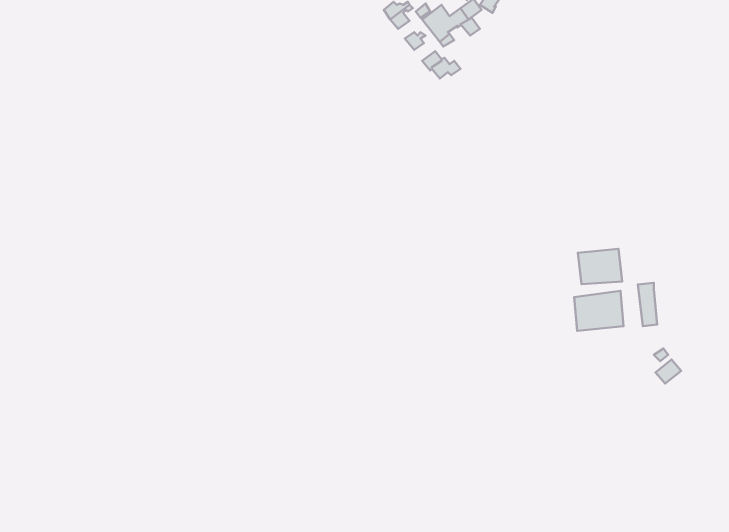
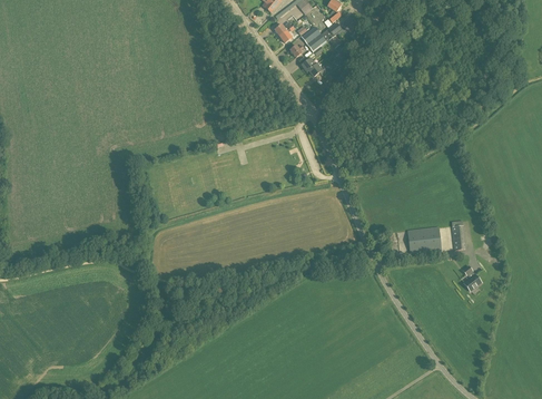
building: [578,249,622,284] -> none

